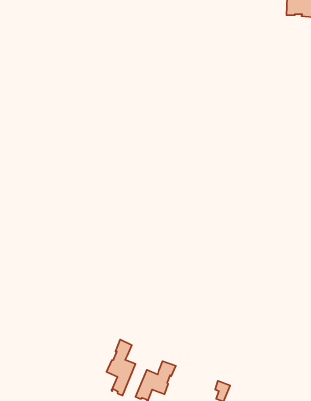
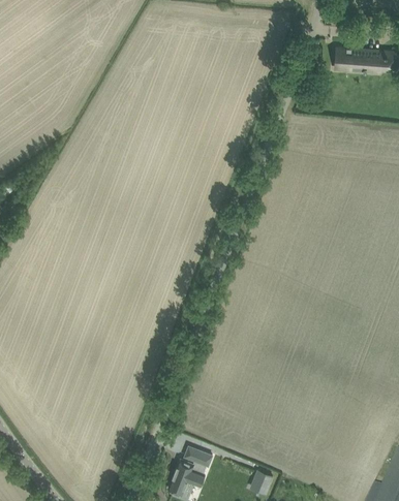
building: [107,339,136,396] -> none

